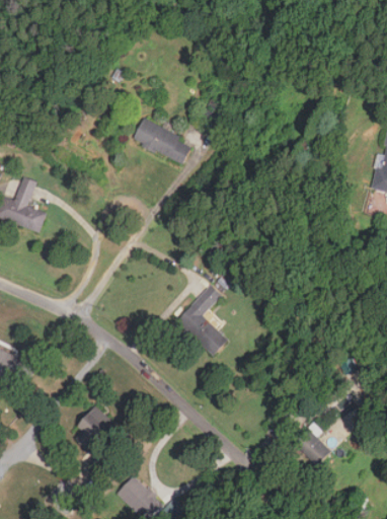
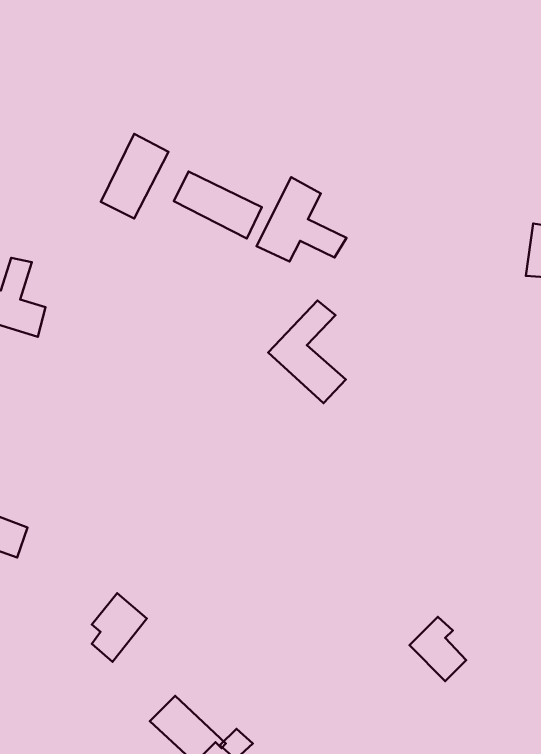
building: none -> [101,134,168,218]
building: none -> [257,177,346,262]
building: [176,285,229,355] -> [268,300,346,403]

